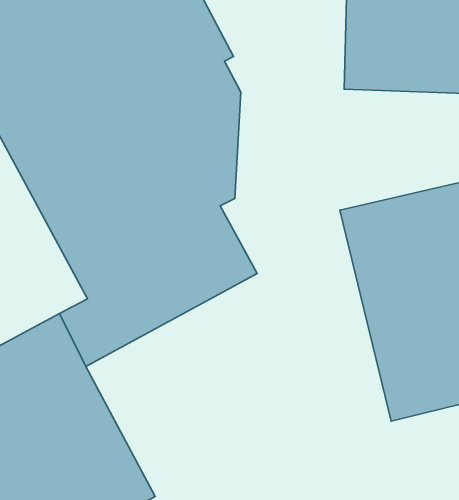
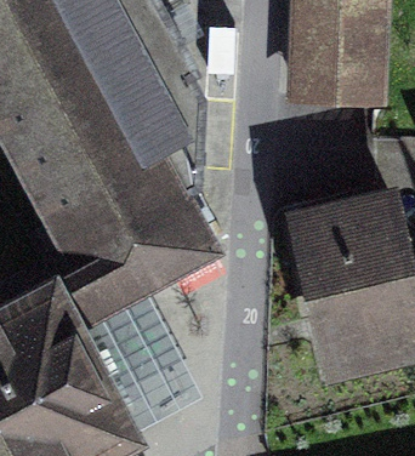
building: none -> [89,312,189,429]

